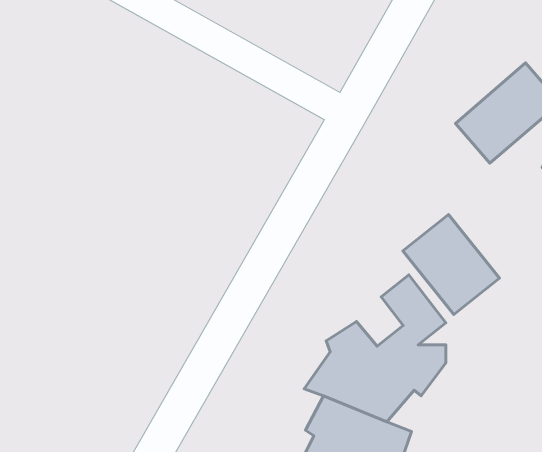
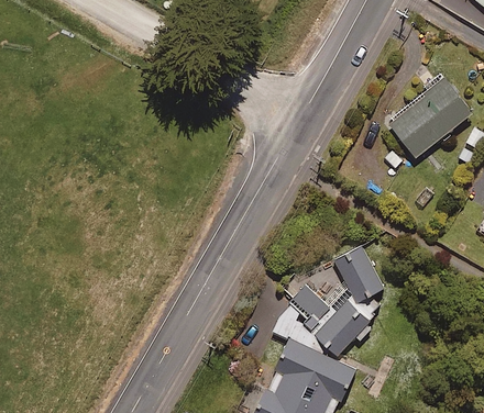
building: [403,214,499,315] -> none

